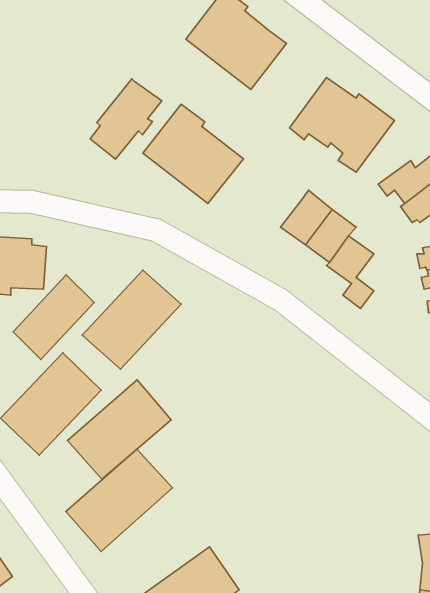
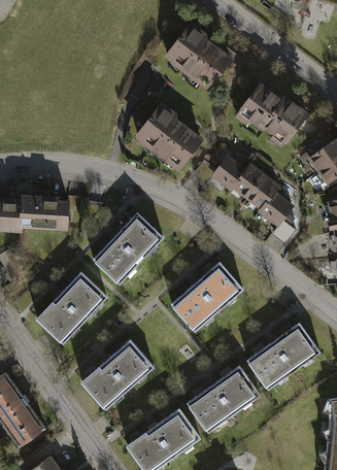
building: [90,79,162,159] -> none
building: none -> [194,155,244,188]
building: [13,275,94,359] -> none
building: [68,380,171,479] -> [171,263,243,332]
building: none -> [247,323,321,389]
building: none -> [187,366,260,433]

